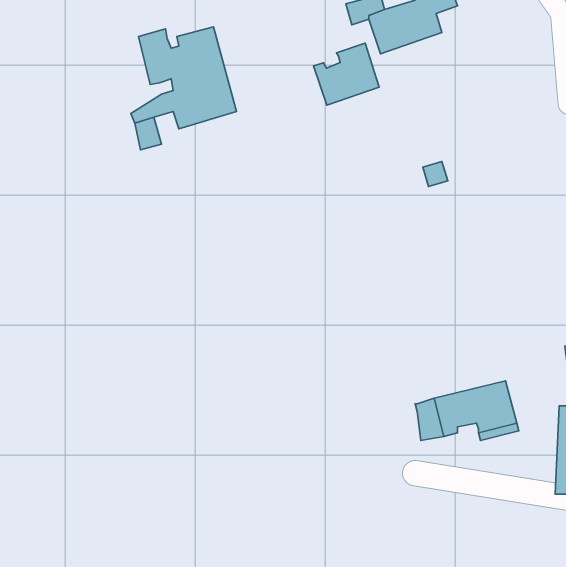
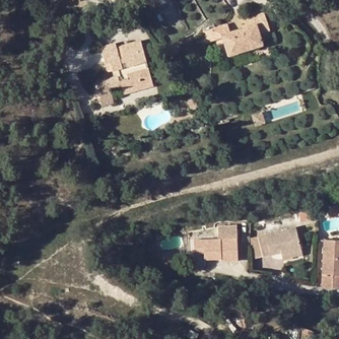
building: [313,43,379,105] -> none
building: none -> [192,224,238,261]

